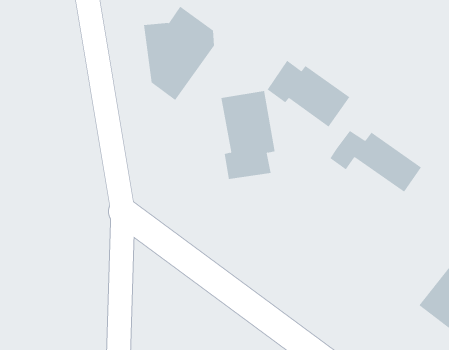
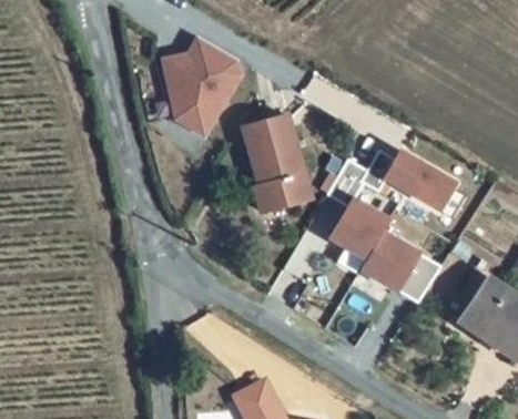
building: [267,60,350,128] -> none
building: none -> [327,159,443,305]

